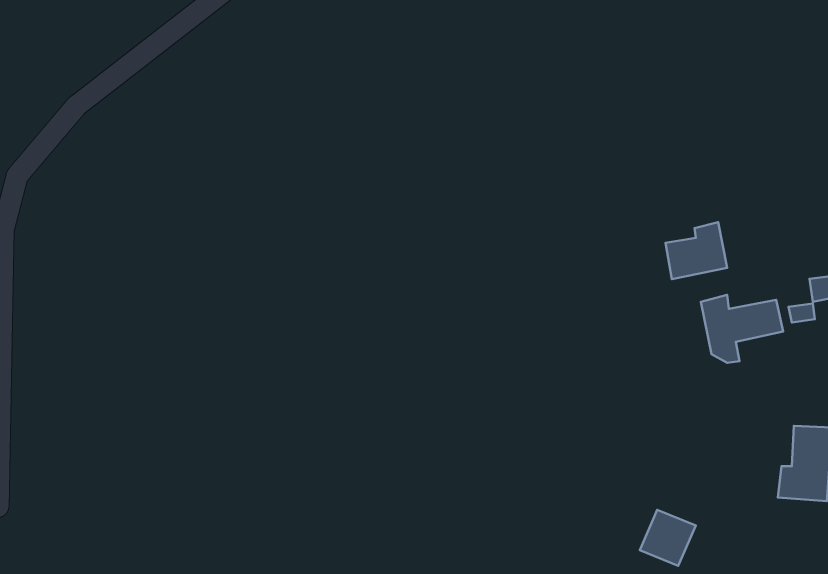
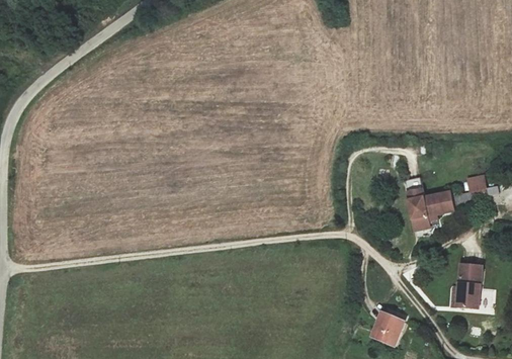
building: [666,222,727,279] -> none

